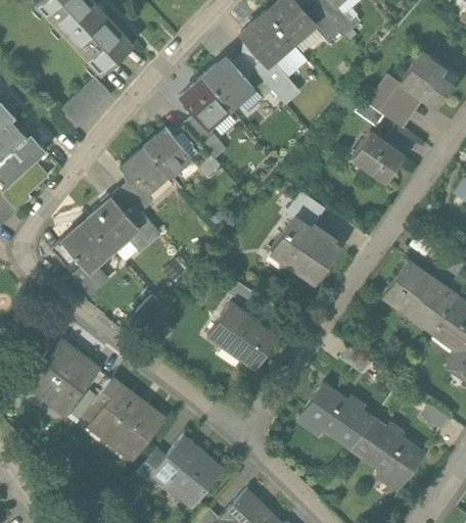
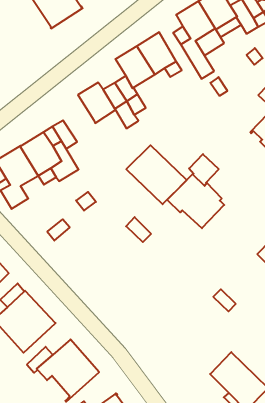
building: [59,78,111,129] -> none
building: [122,148,168,194] -> none
building: [205,301,278,368] -> [126,145,187,204]
building: [302,383,373,447] -> none

